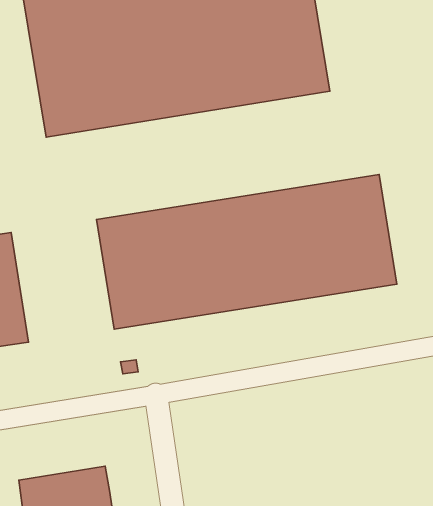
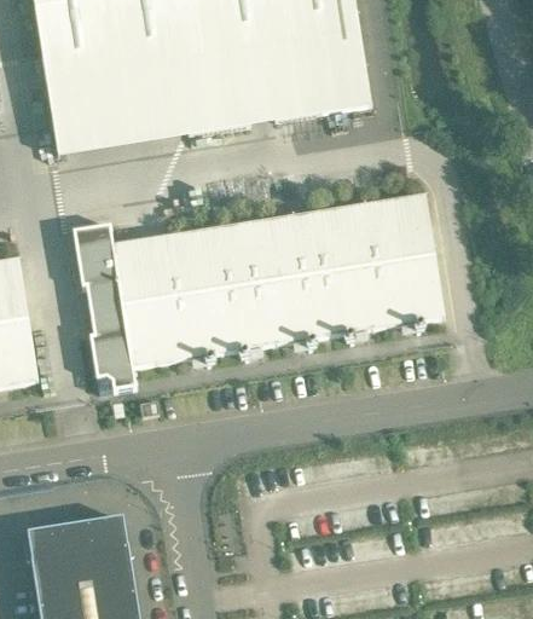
building: none -> [73,224,137,389]

